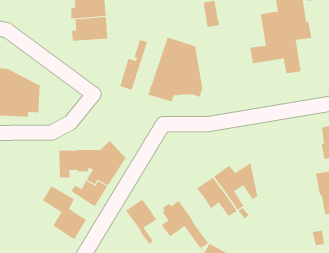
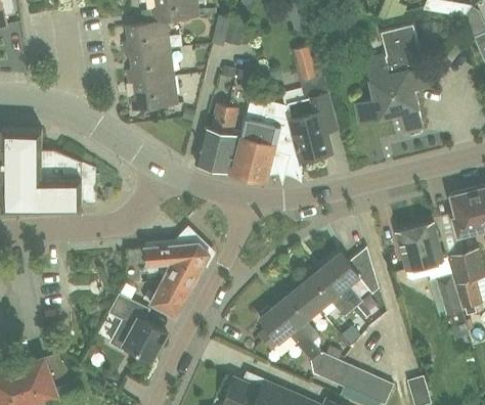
building: none -> [288,96,330,159]
building: none -> [212,105,237,172]
building: none -> [396,222,461,316]
building: [125,199,157,245] -> [280,285,321,343]

